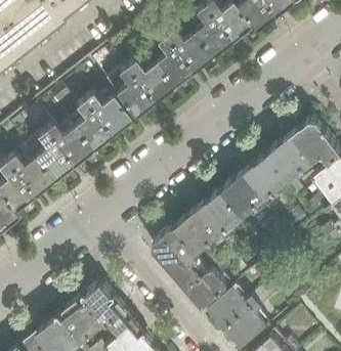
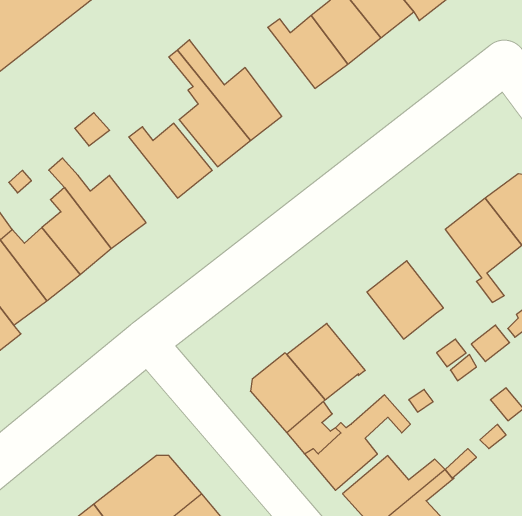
building: [150,36,190,88] -> none
building: [70,100,110,150] -> none
building: [245,155,289,216] -> none
building: [198,191,243,253] -> none

